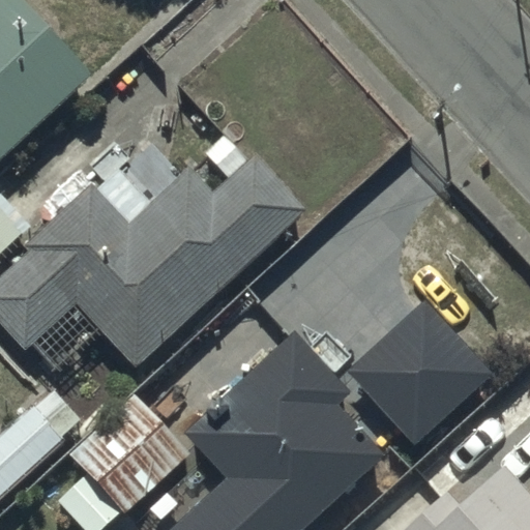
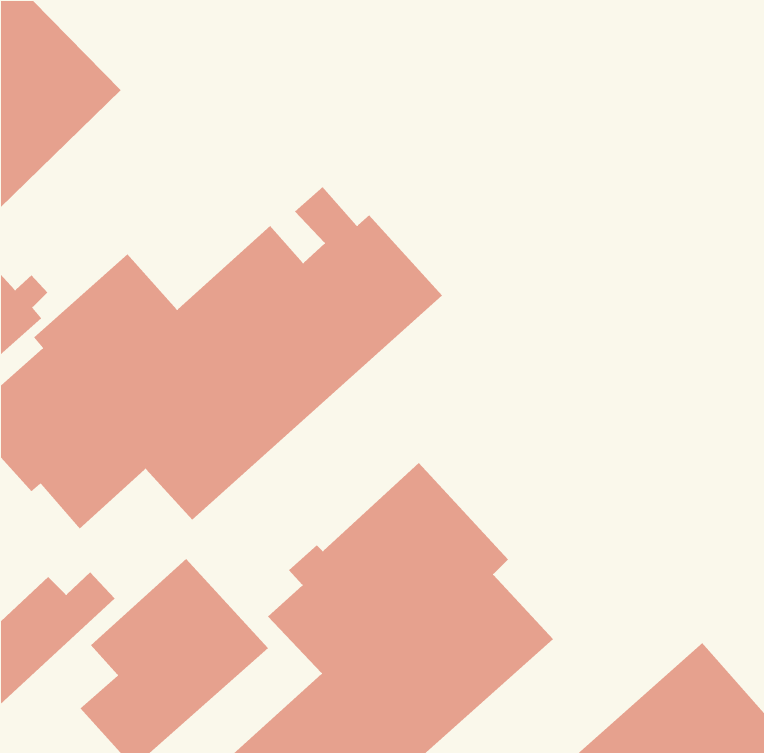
building: [347,299,494,446] -> none

